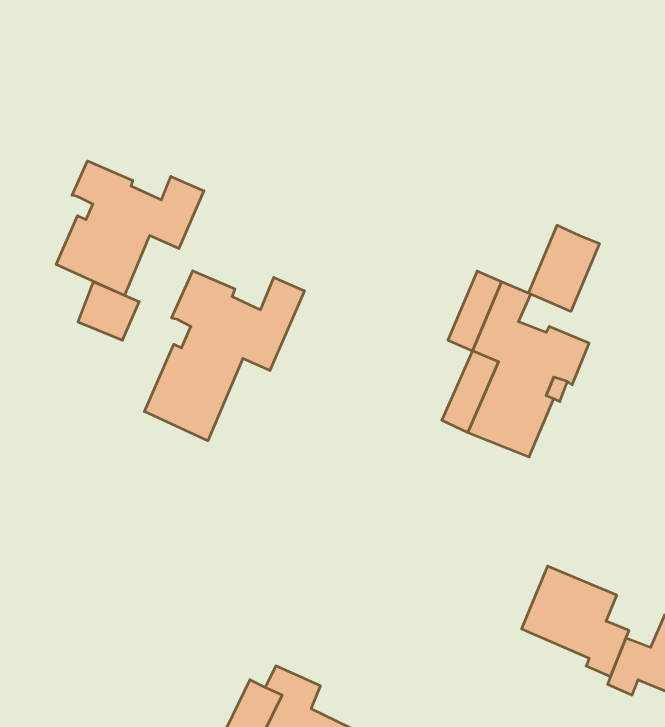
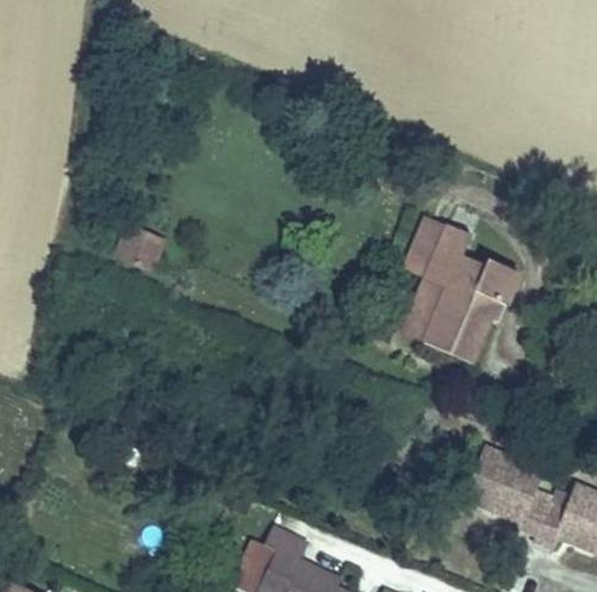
building: [56,161,204,295] -> none
building: [528,225,599,311] -> none
building: [144,271,304,441] -> none

